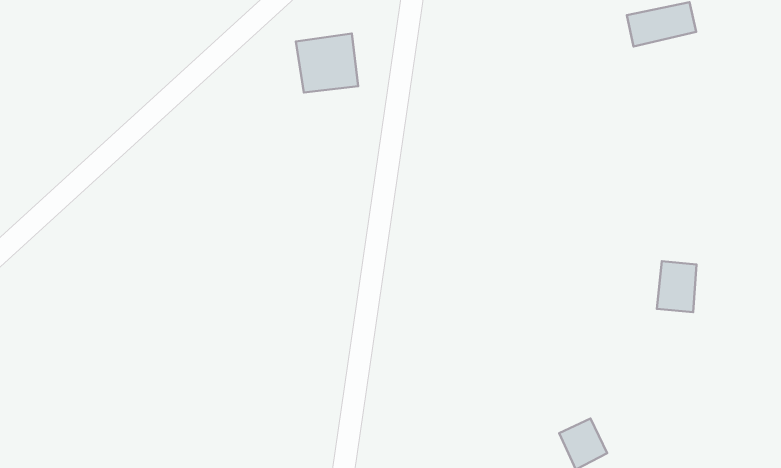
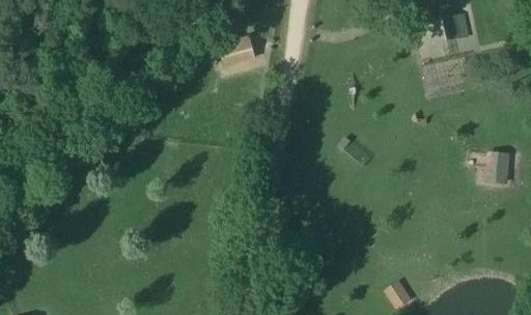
building: [657,261,696,312] -> [485,150,510,182]

